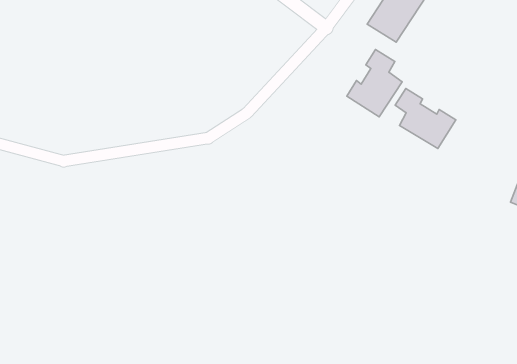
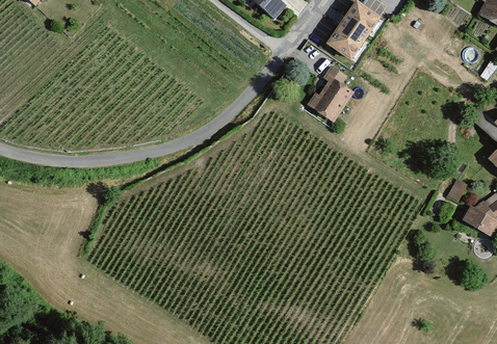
building: [395,88,456,149] -> none

